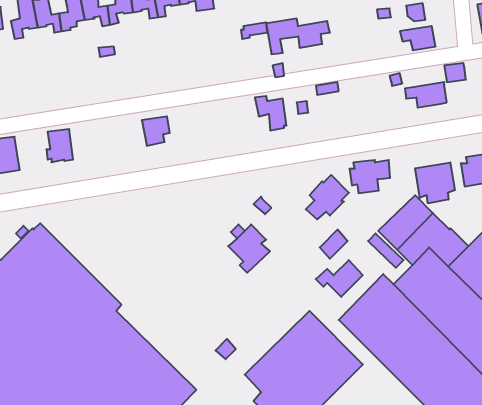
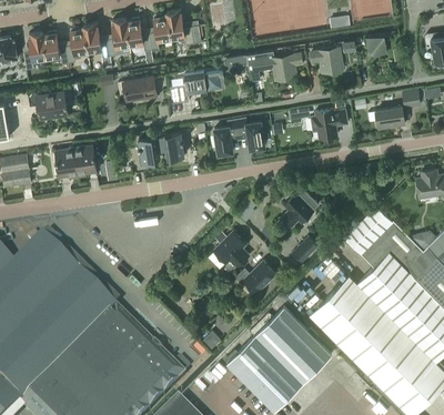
building: [400,26,436,50] -> [311,48,342,69]
building: none -> [170,71,223,103]
building: none -> [123,77,157,100]
building: none -> [36,89,68,115]
building: none -> [214,120,240,153]
building: none -> [160,132,184,158]
building: none -> [74,144,99,174]
building: [349,160,390,193] -> [311,109,346,138]
building: [415,162,455,203] -> none
building: [316,260,363,297] -> [234,261,275,293]

